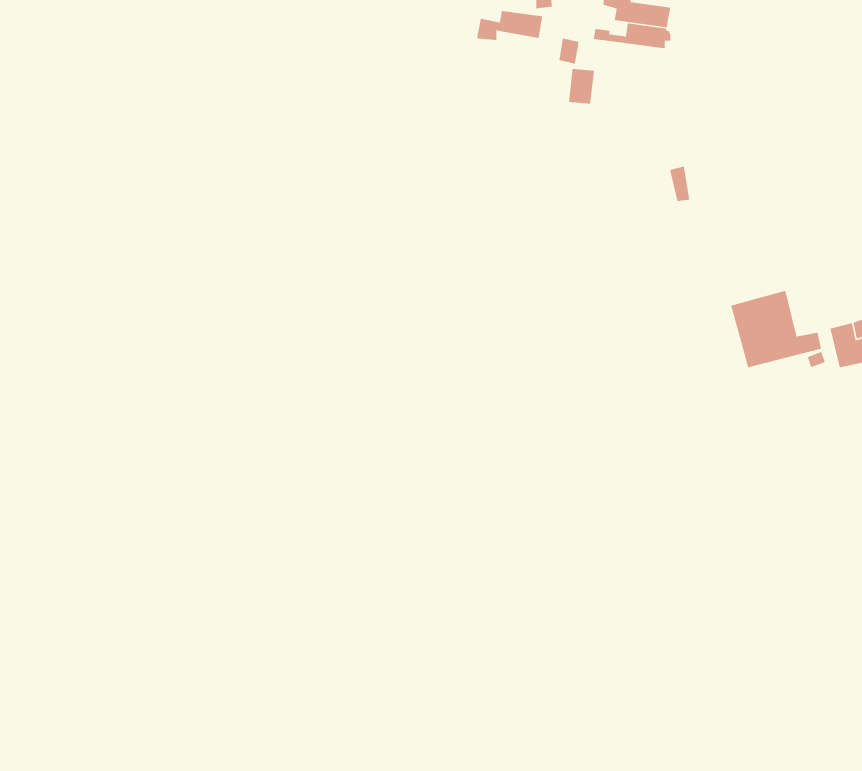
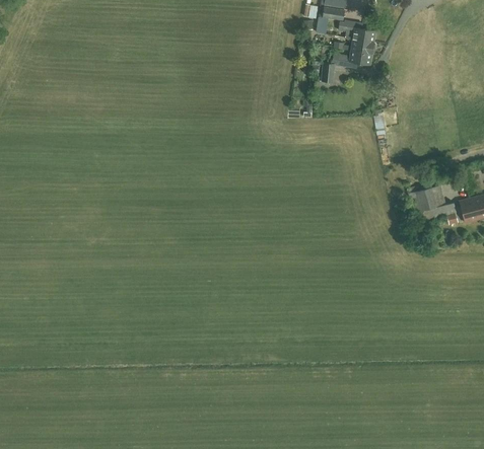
building: [476,10,543,41] -> [338,49,373,65]

